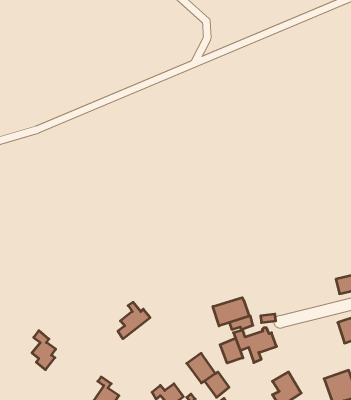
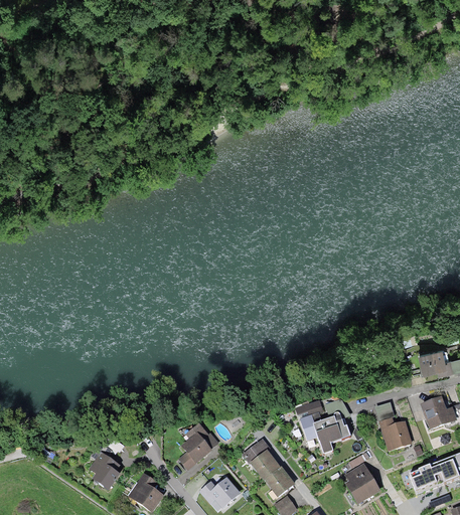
building: [213,298,249,326] -> none
building: [118,302,150,339] -> [179,425,217,469]
building: none -> [374,402,411,451]
building: [32,331,56,370] -> [90,443,118,489]
building: [220,338,243,363] -> none

